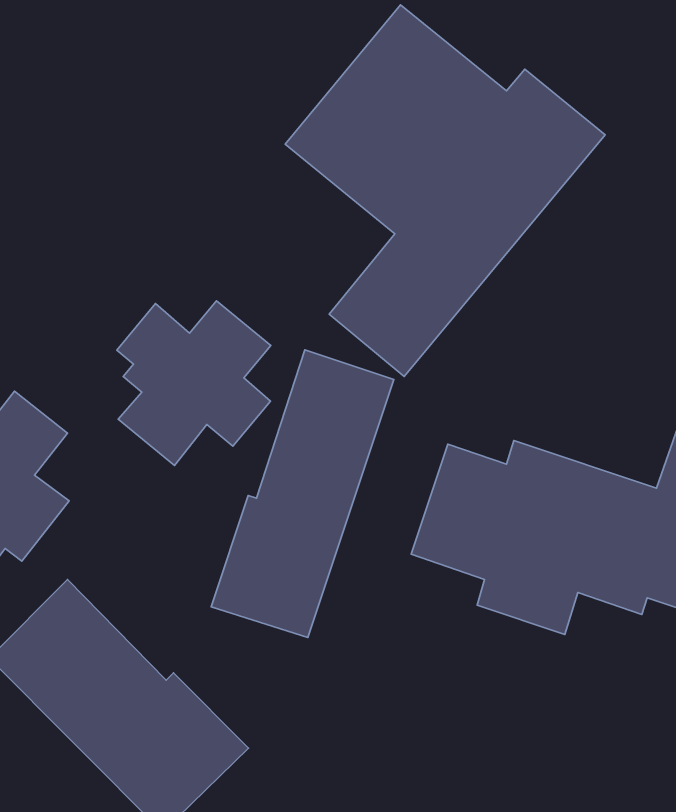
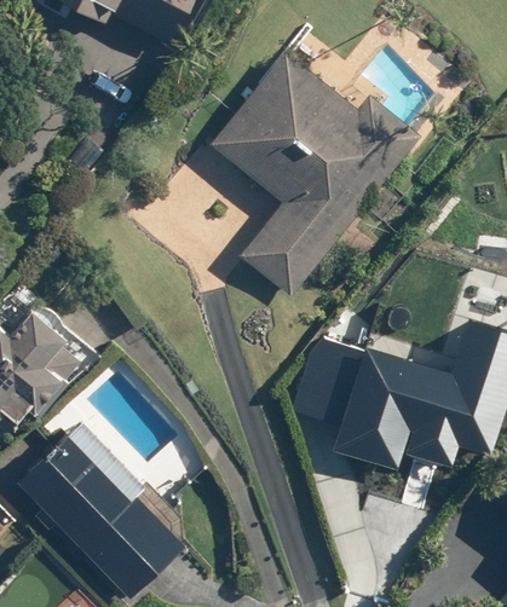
building: [117,301,271,465] -> none
building: [211,350,394,638] -> none

